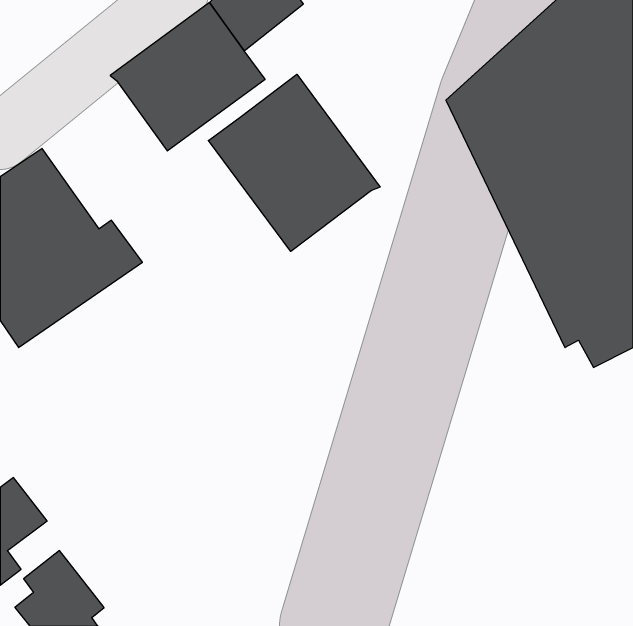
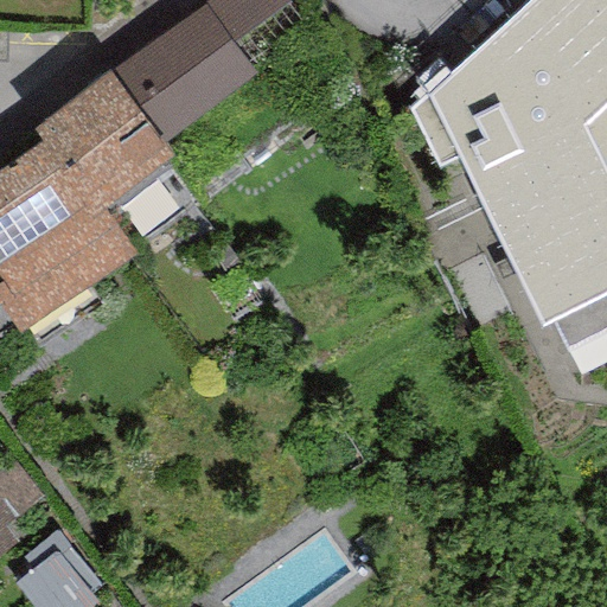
building: [208,74,380,251] -> none
building: none -> [33,77,173,219]

